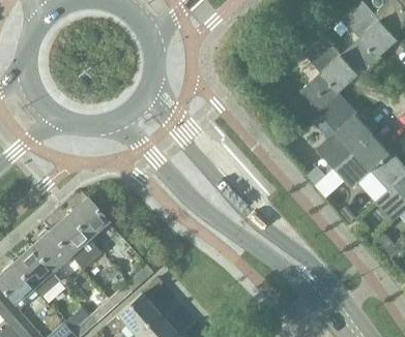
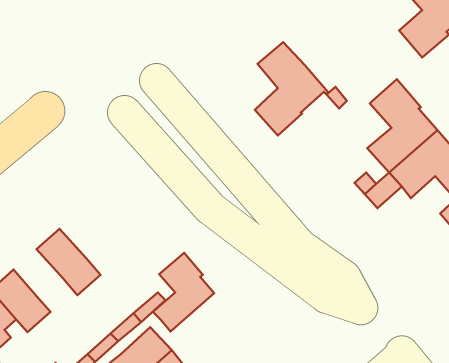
building: [302,36,361,112] -> [255,42,328,135]
building: [67,198,108,239] -> none
building: [30,232,70,272] -> none
building: none -> [153,253,214,331]

